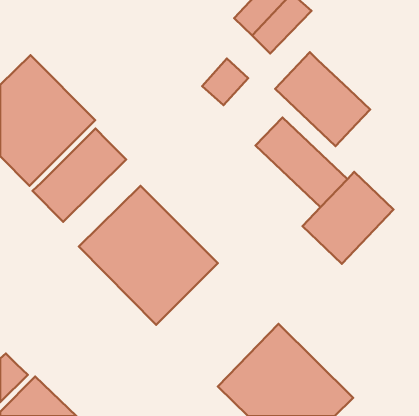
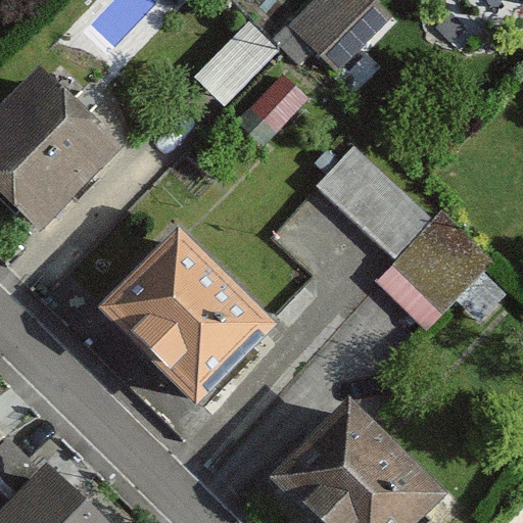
building: none -> [194,20,278,105]
building: [275,52,370,146] -> none
building: [33,129,126,222] -> none

